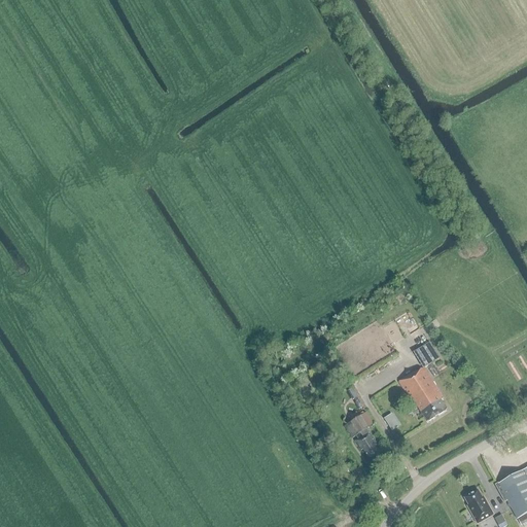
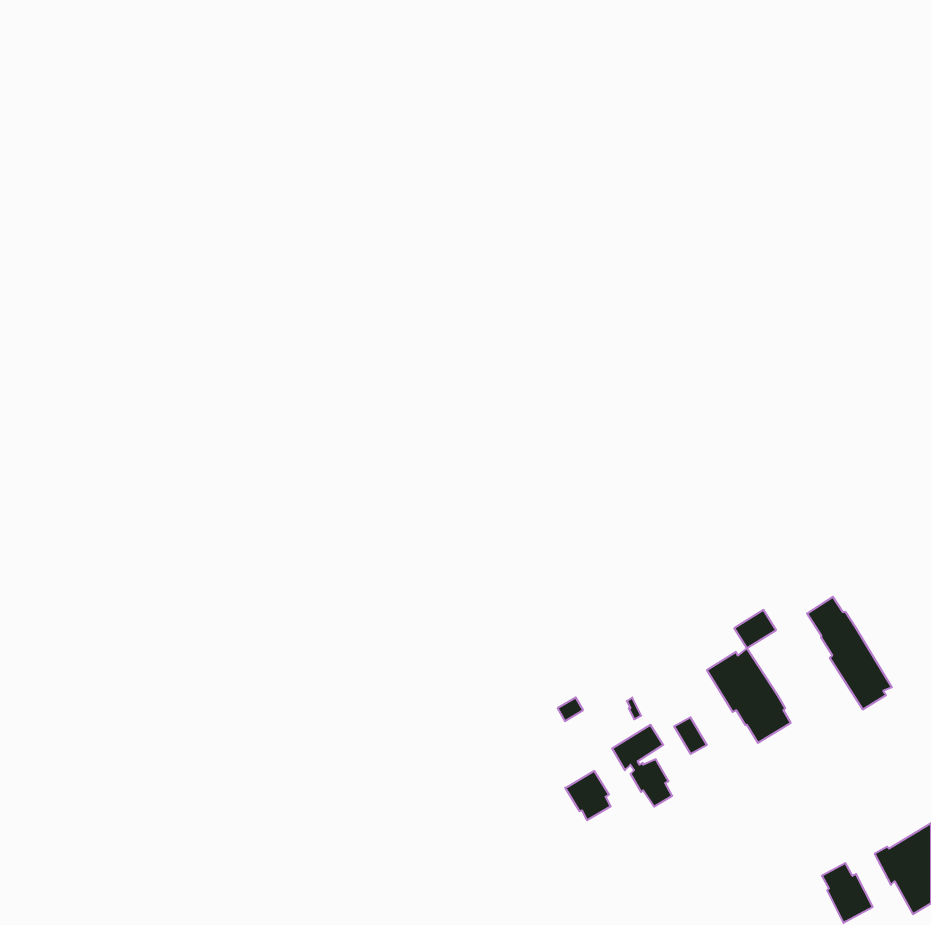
building: none -> [807,597,892,710]
building: none -> [565,771,611,820]

